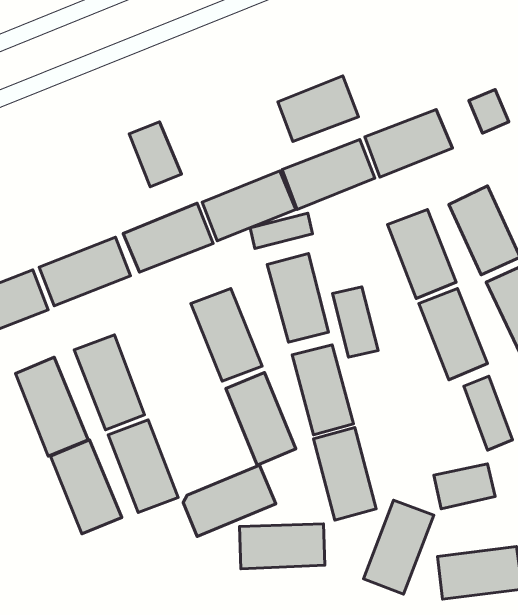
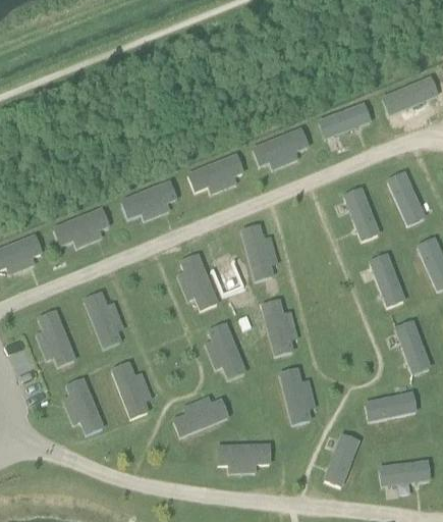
building: [278,76,359,142] -> none
building: [129,122,181,187] -> none
building: [250,213,312,248] -> none
building: [332,287,378,357] -> none

